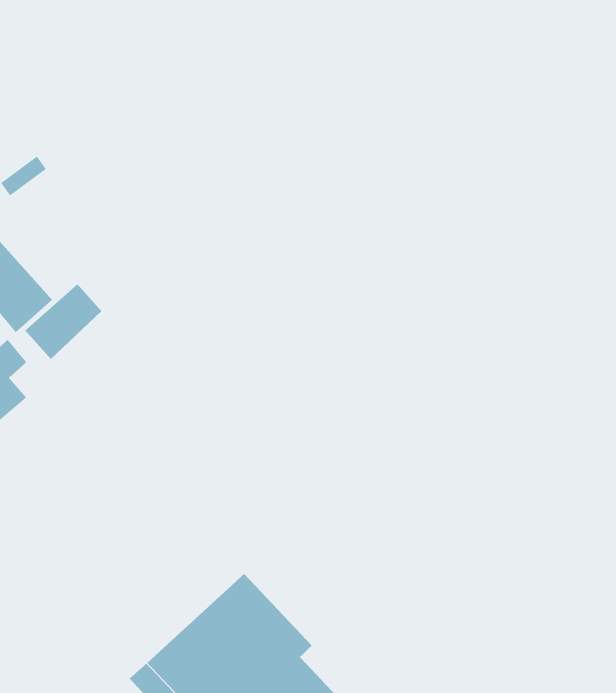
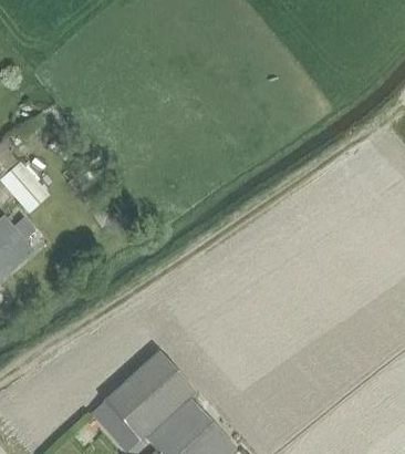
building: [25,284,102,360] -> none

